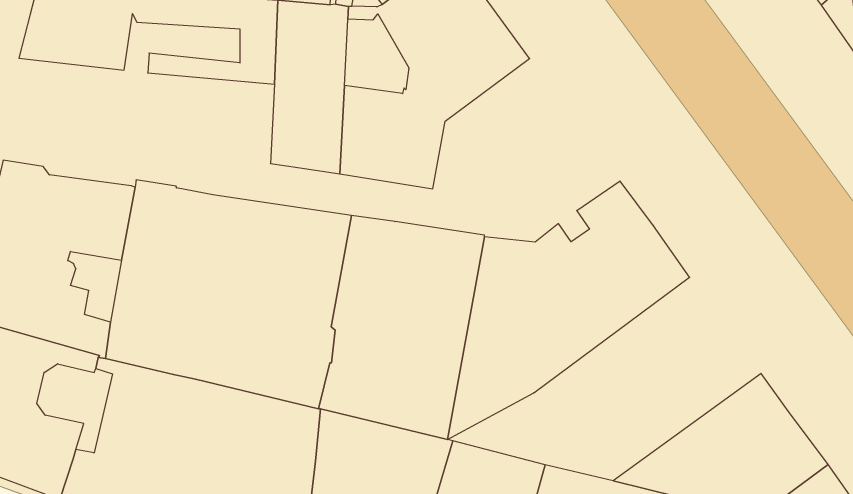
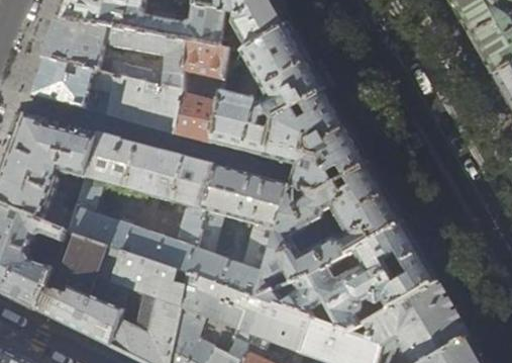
building: none -> [30,57,180,131]
building: none -> [263,88,369,192]
building: none -> [255,221,436,332]

